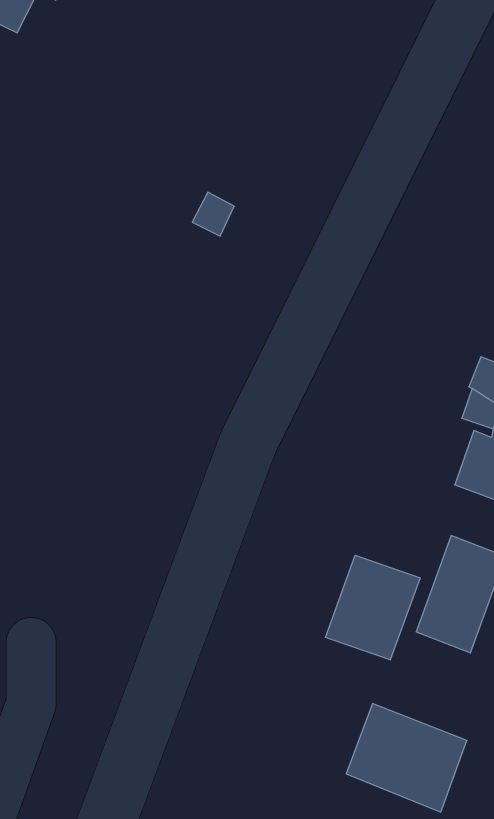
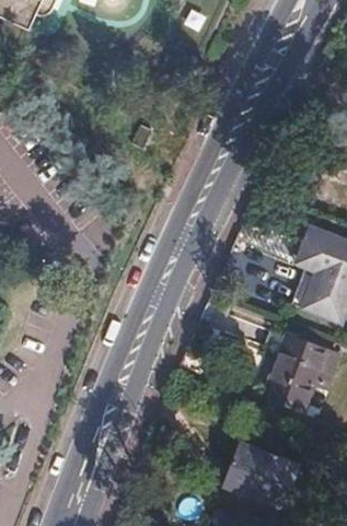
building: [325,555,420,660] -> none

